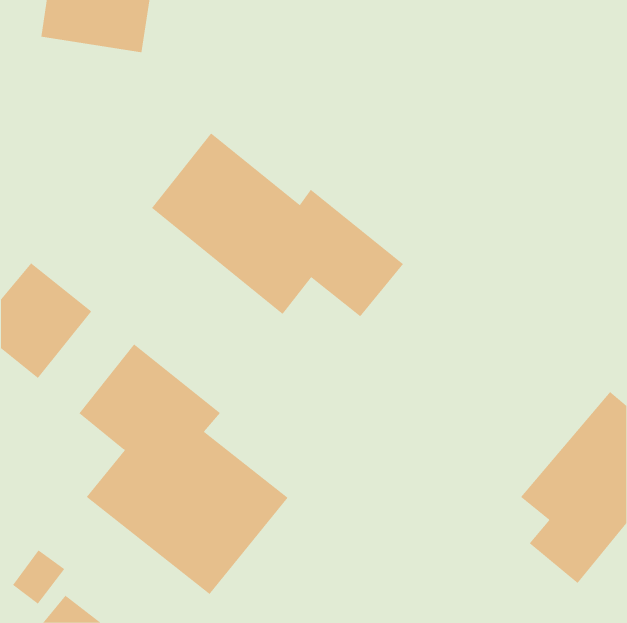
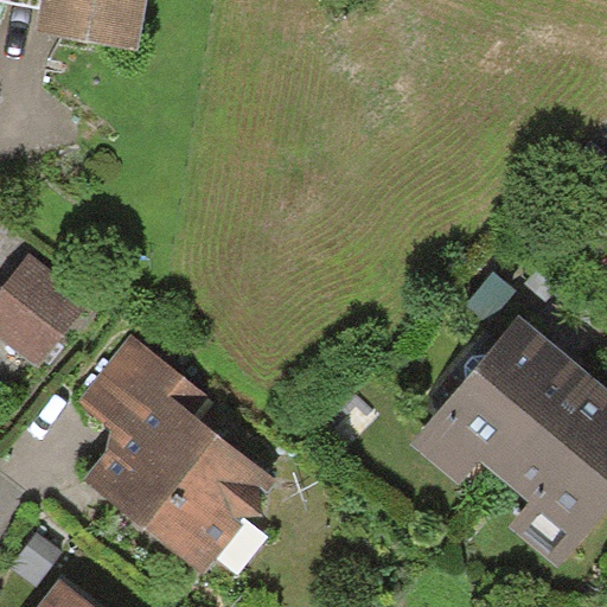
building: [151,133,404,317] -> none
building: none -> [415,320,589,483]

